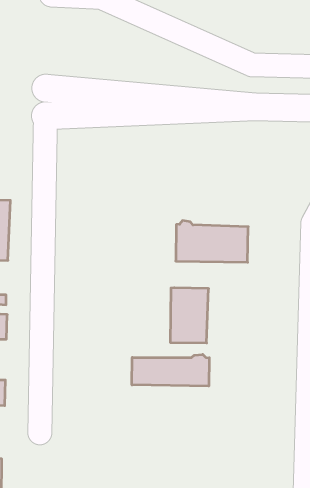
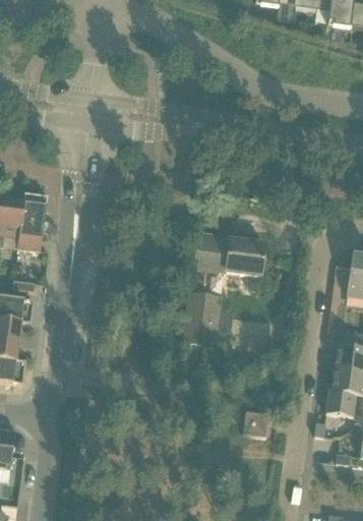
building: [132,354,209,386] -> none
building: none -> [241,411,267,438]

